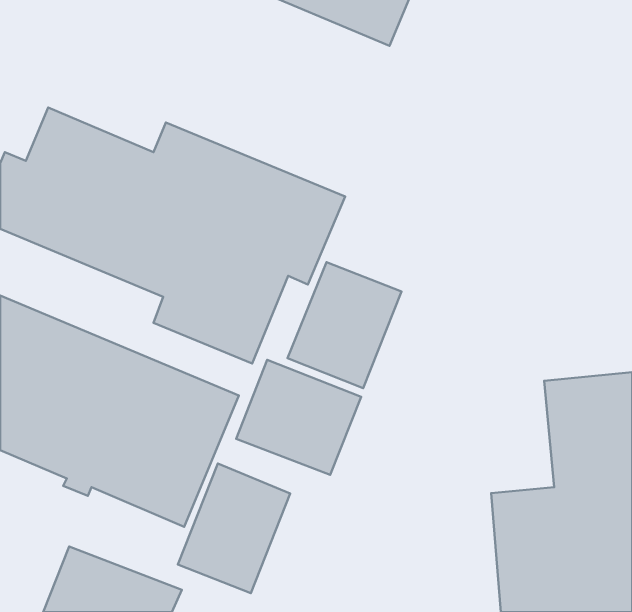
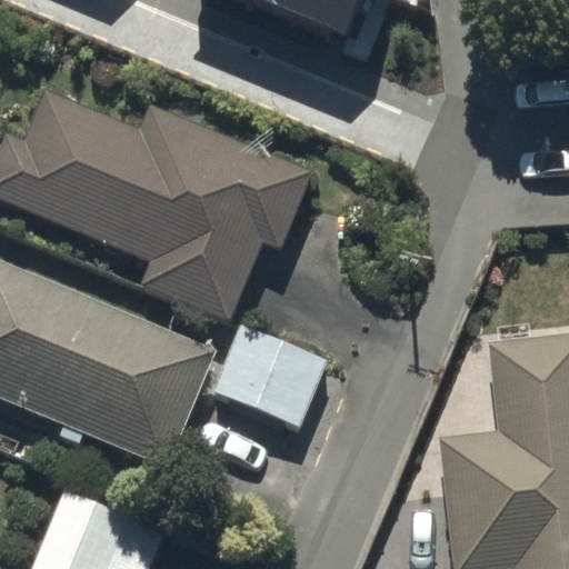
building: [287,262,402,388] -> none
building: [178,463,290,593] -> none

